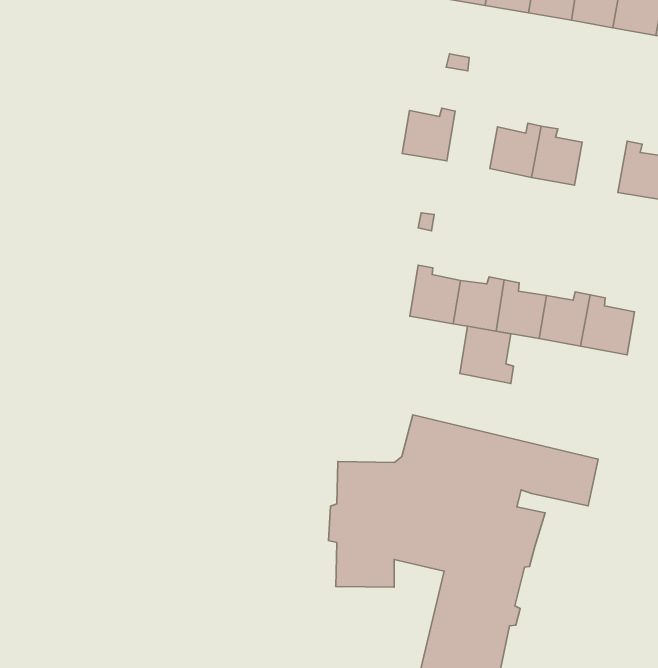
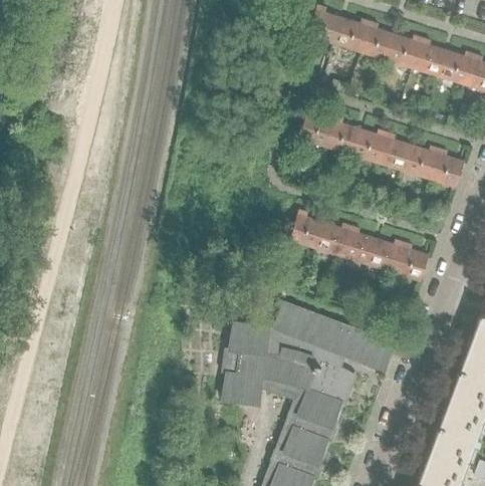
building: none -> [327,116,361,155]
building: none -> [405,146,441,180]
building: [460,326,514,383] -> none

